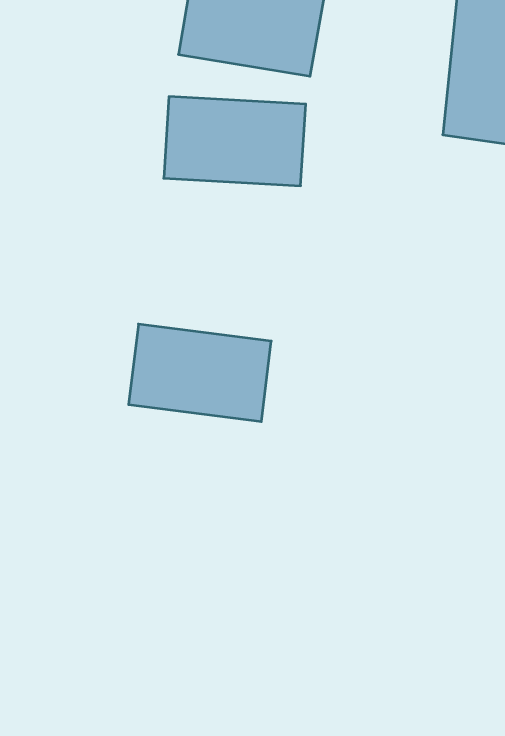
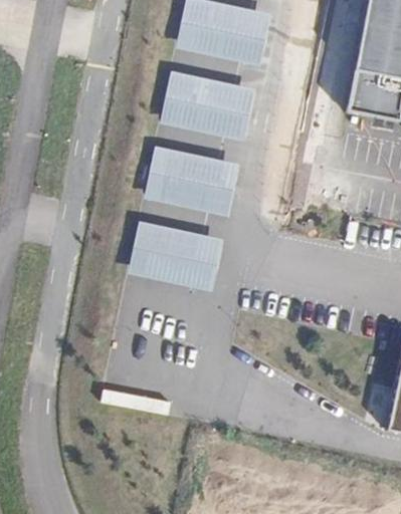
building: none -> [144,147,242,214]

